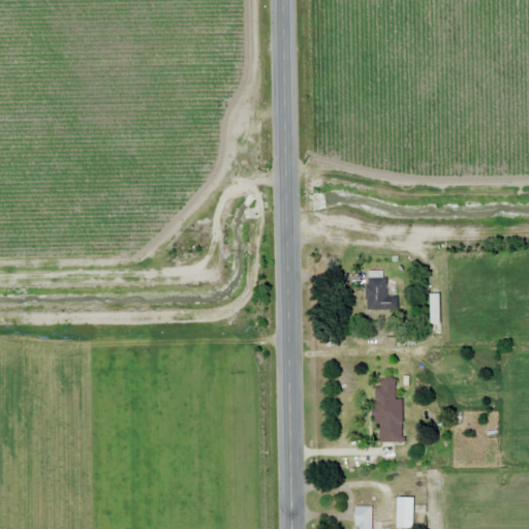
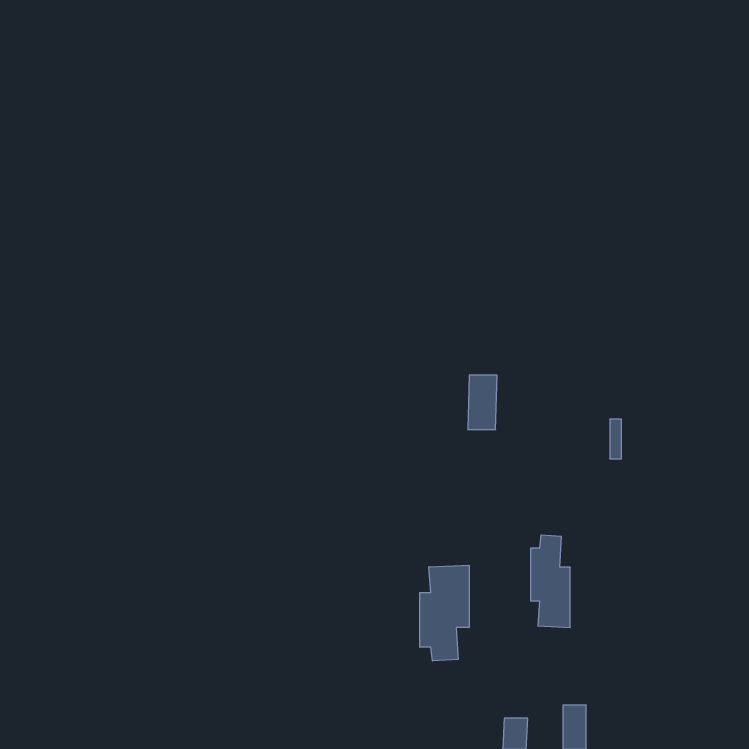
building: [367,272,387,310] -> [468,375,497,429]
building: none -> [420,565,469,661]

